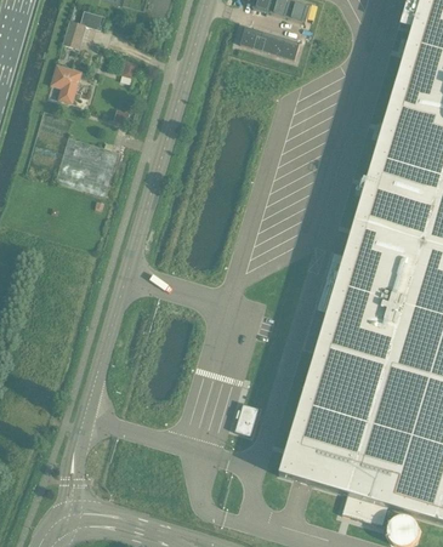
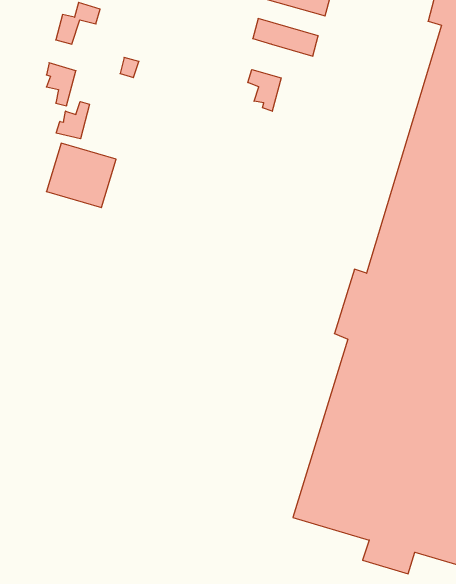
building: none -> [248,70,281,111]
building: none -> [56,102,90,139]

